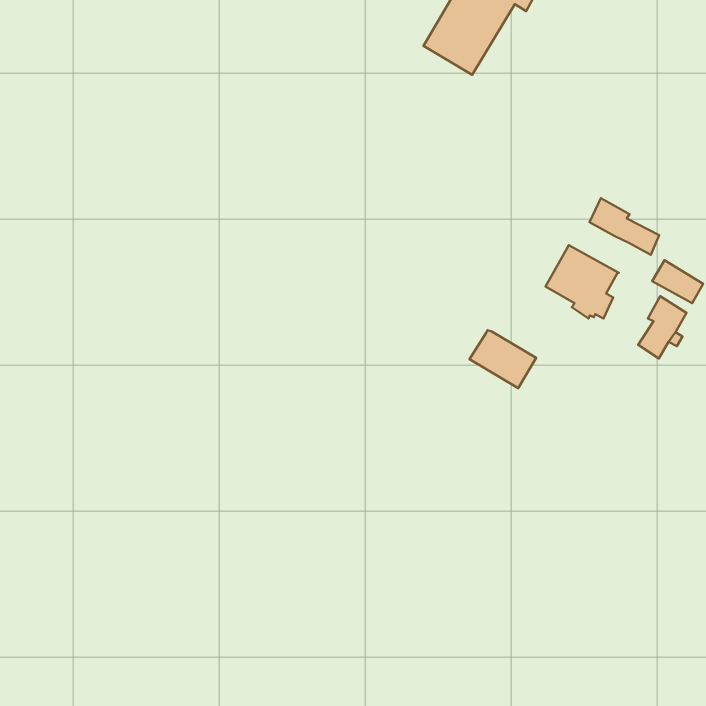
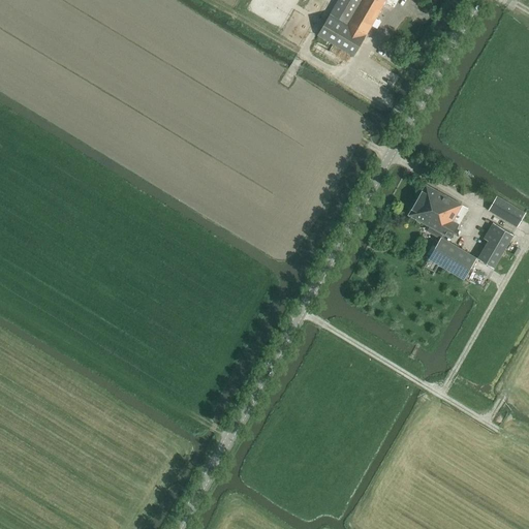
building: [590,198,659,255] -> none
building: [470,330,536,388] -> [427,236,476,279]

